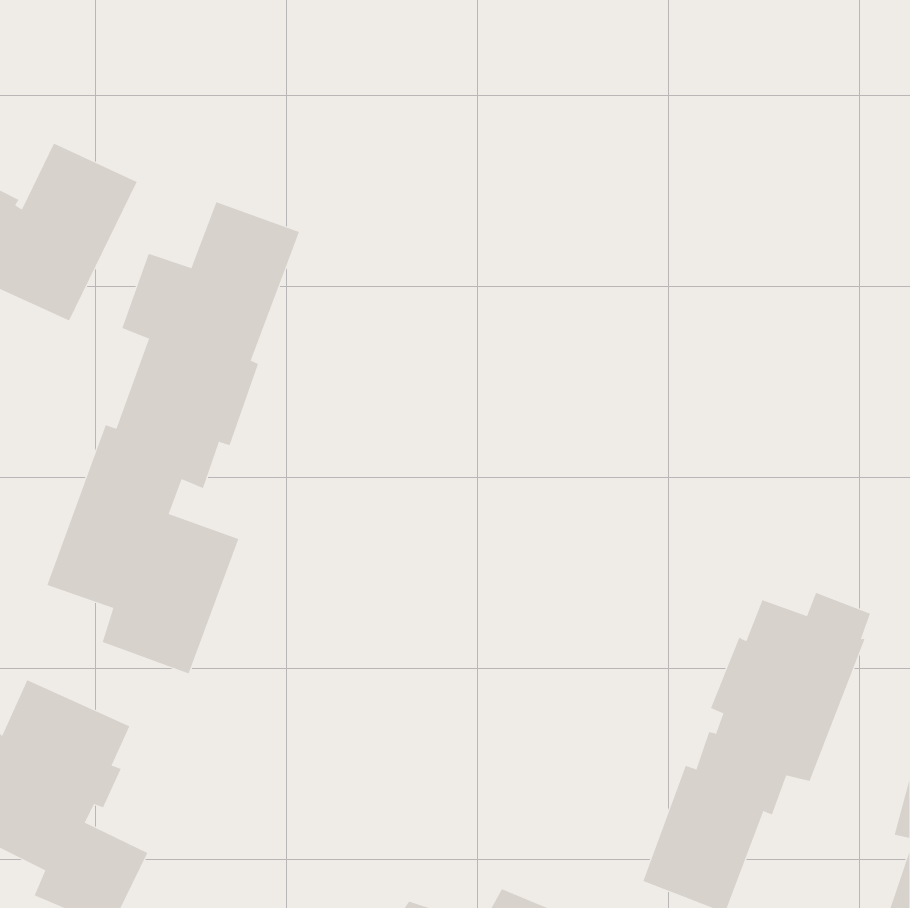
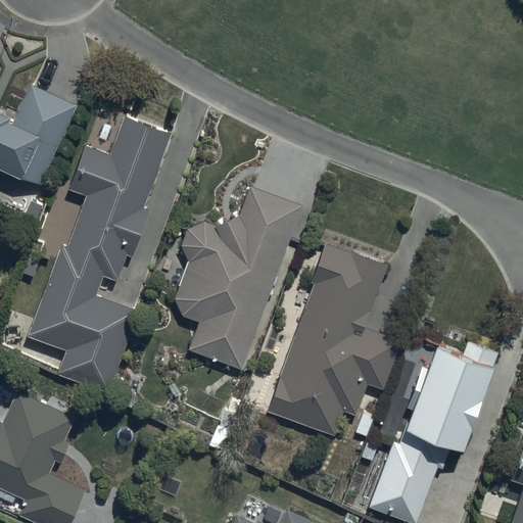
building: none -> [174,188,301,370]
building: none -> [269,243,400,436]

